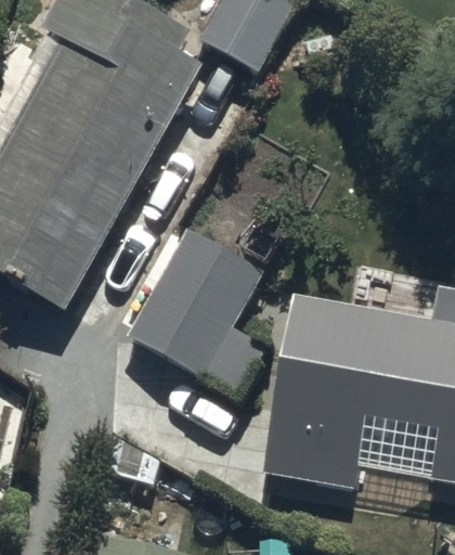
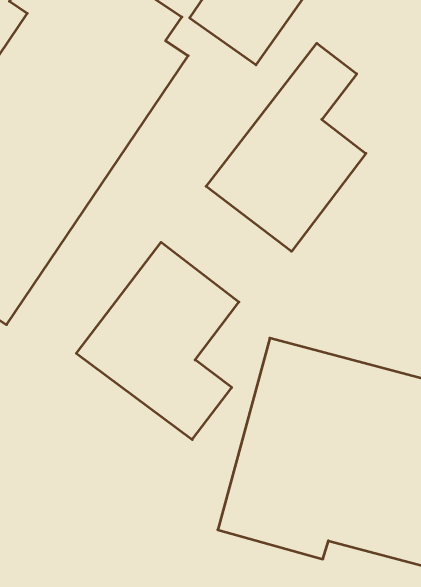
building: none -> [206,43,366,251]

